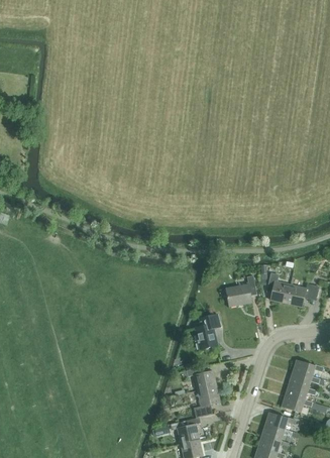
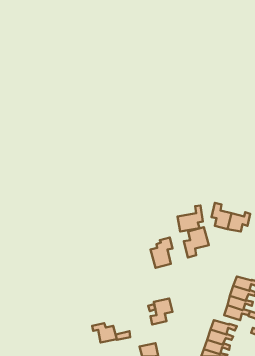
building: none -> [184,227,209,257]
building: [187,367,216,390] -> none
building: [171,421,200,444] -> [92,323,117,343]

